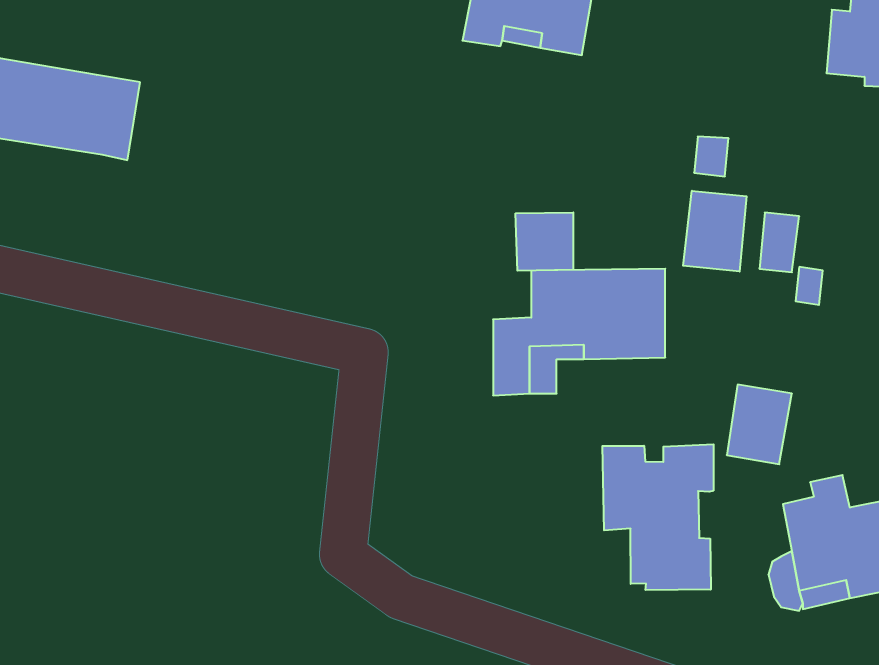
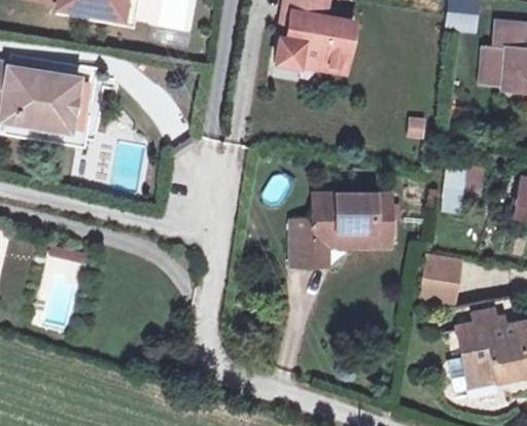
building: [683,191,747,272] -> none
building: [516,212,573,271] -> none
building: [602,444,714,590] -> none

